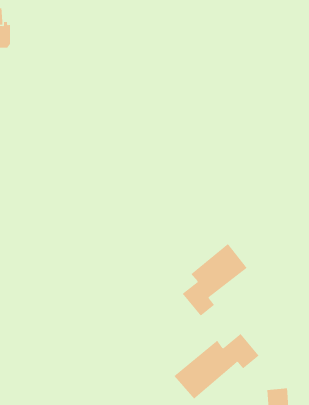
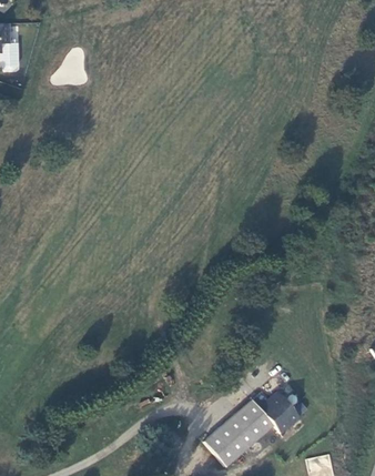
building: [182,243,248,317] -> none

